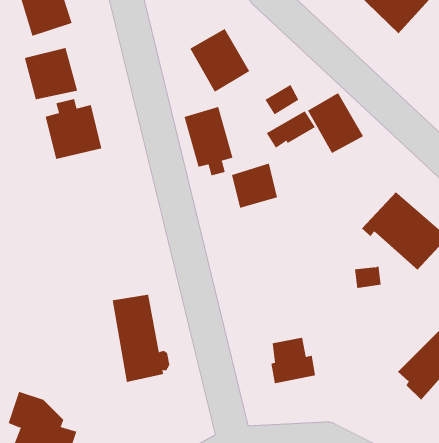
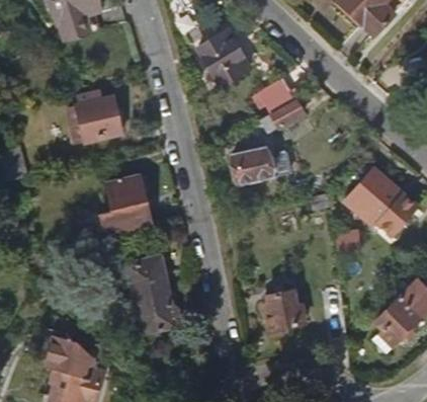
building: [24,47,78,100] -> none
building: [307,92,364,154] -> none
building: [184,106,233,176] -> none
building: none -> [101,175,152,239]

